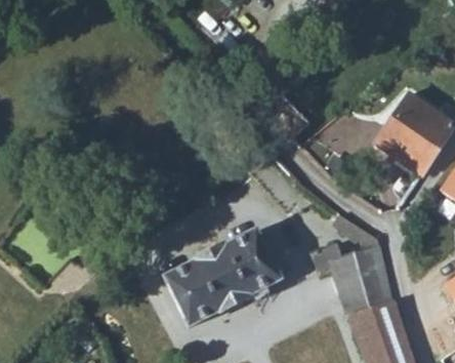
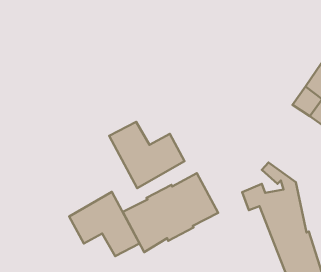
building: none -> [109,122,185,188]
building: none -> [69,192,140,256]

